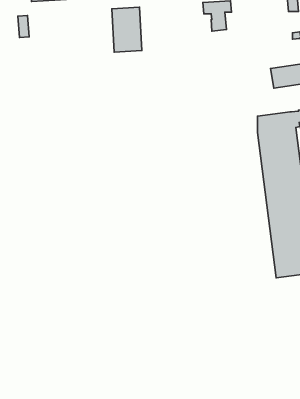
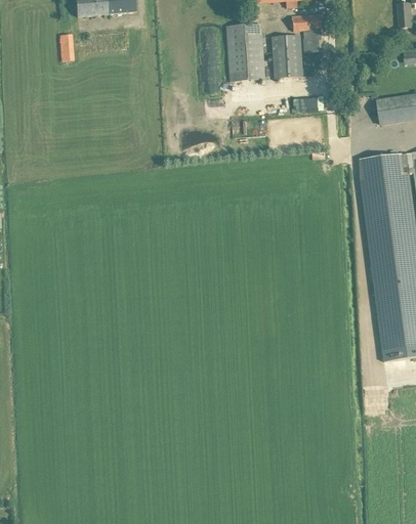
building: [112,7,142,52] -> [226,26,264,82]
building: none -> [271,34,302,78]

